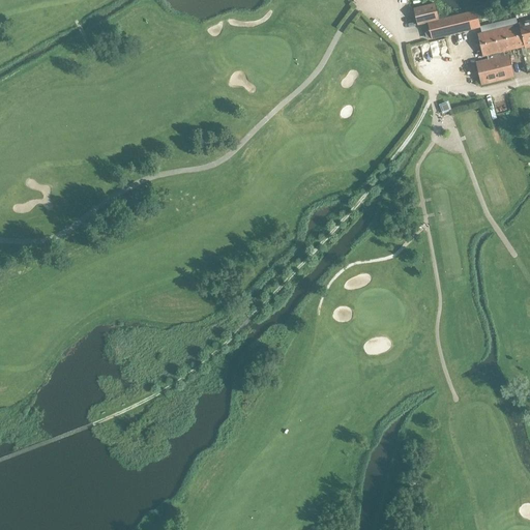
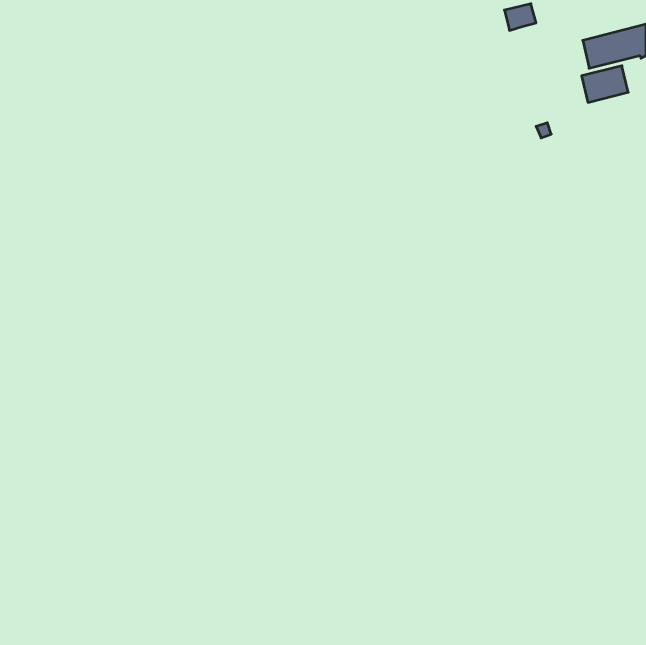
building: [428,10,480,38] -> none

